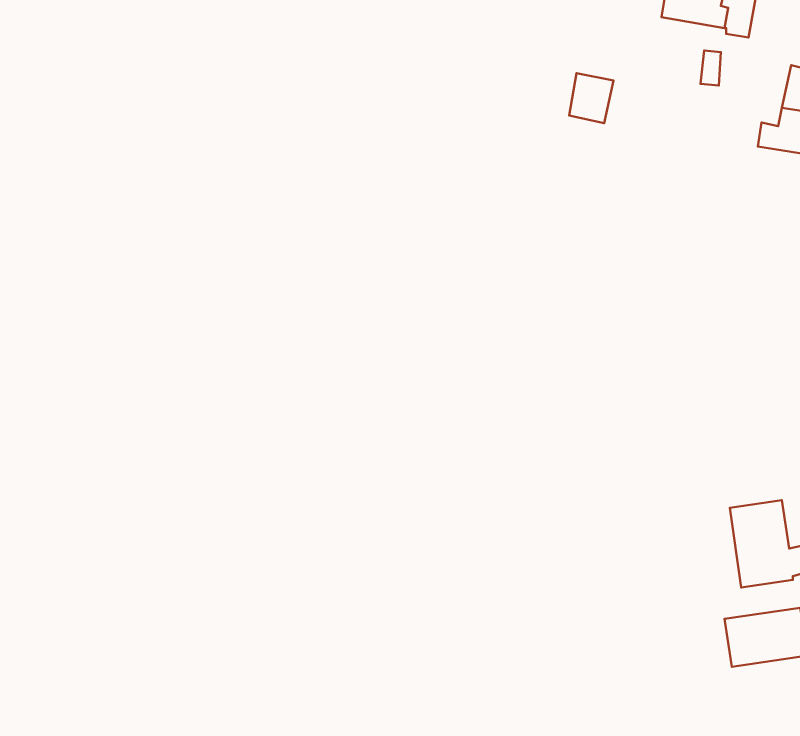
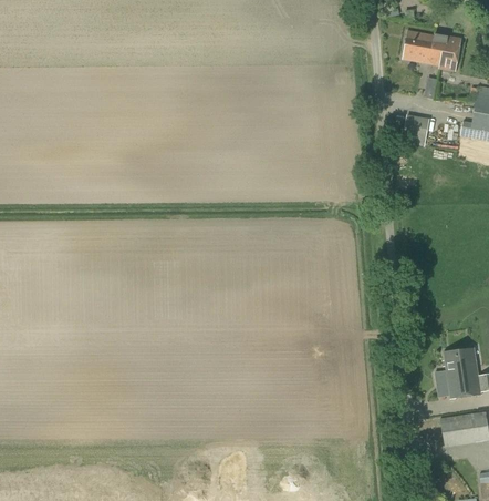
building: [569,73,613,123] -> [403,115,429,145]

